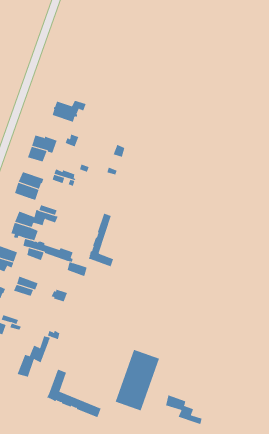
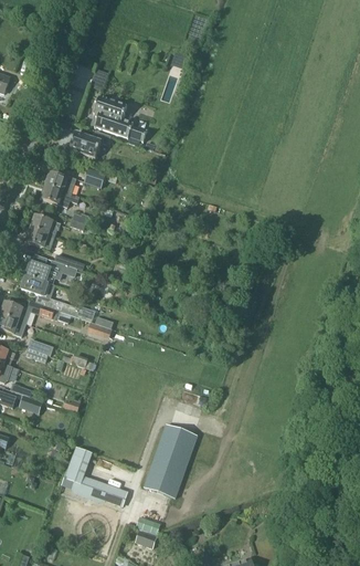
building: none -> [94,96,147,143]
building: [88,213,114,267] -> none
building: [17,335,51,377] -> none
building: [165,395,202,425] -> none

